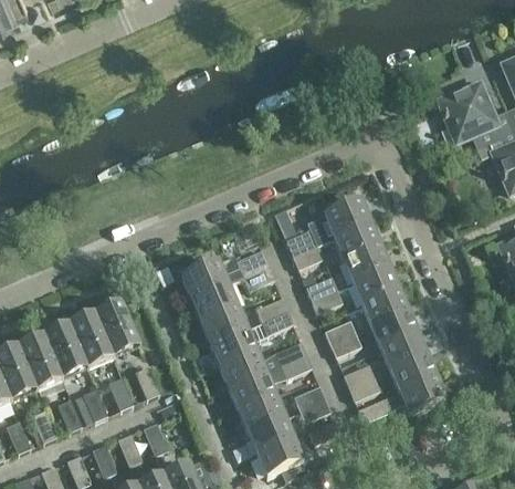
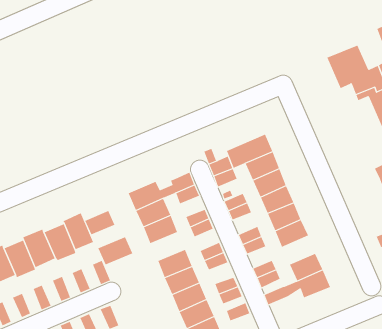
building: none -> [84,210,115,235]
building: [209,327,255,365] -> [98,236,133,265]
building: [380,332,424,370] -> none

